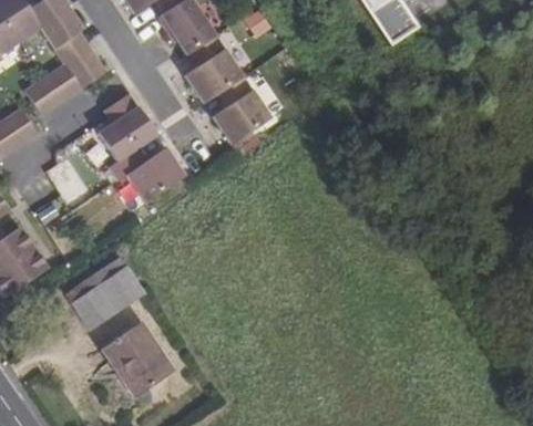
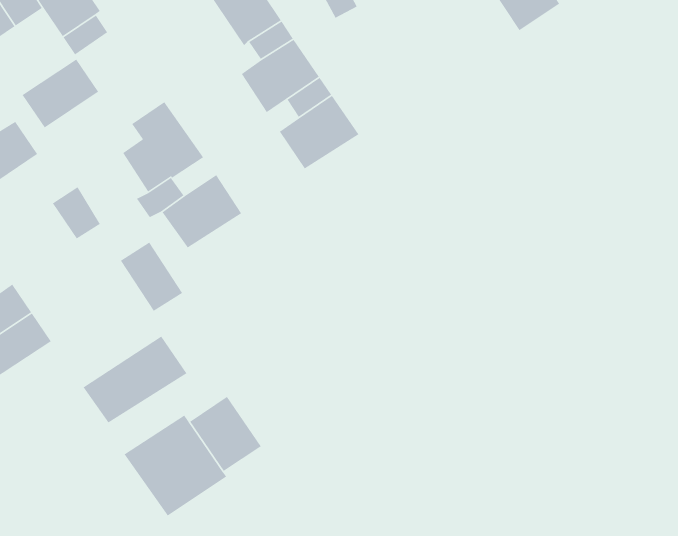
building: [63,43,105,86] -> none
building: none -> [120,242,183,312]
building: none -> [189,396,262,472]

